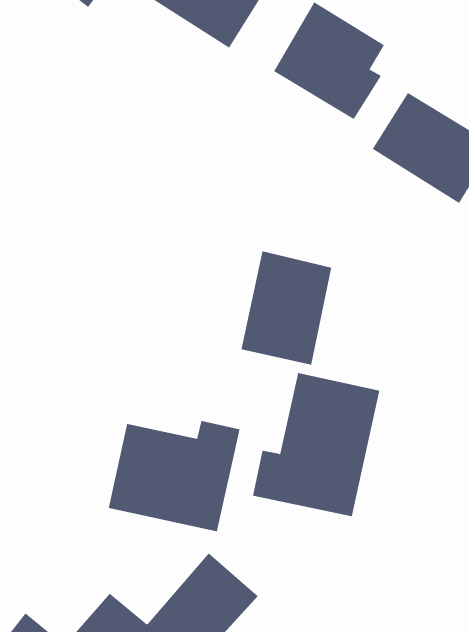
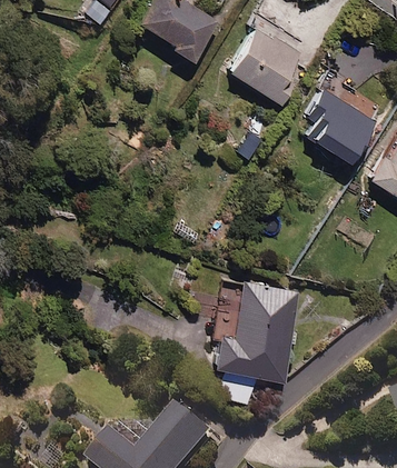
building: [241,251,332,365] -> none
building: [108,420,240,532] -> none

